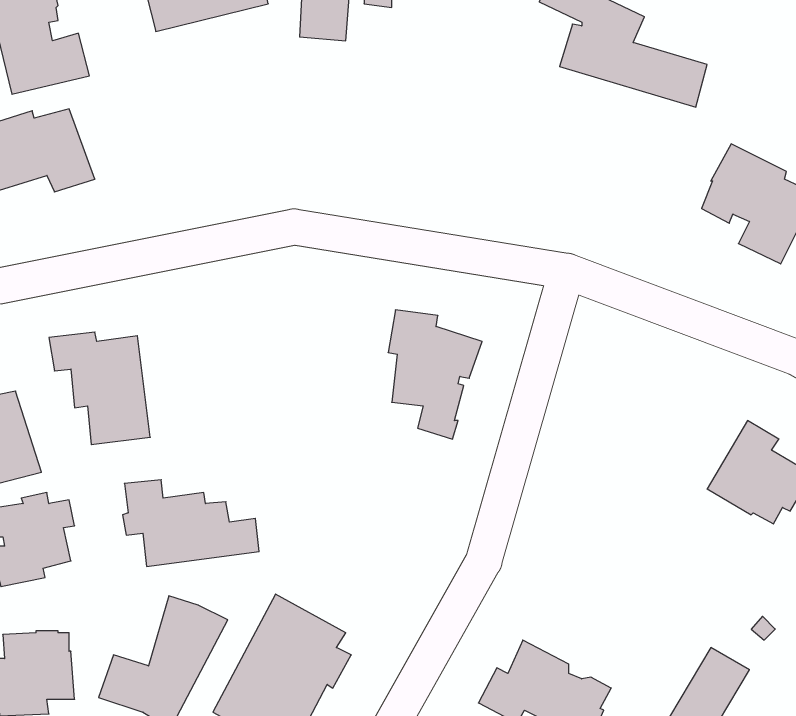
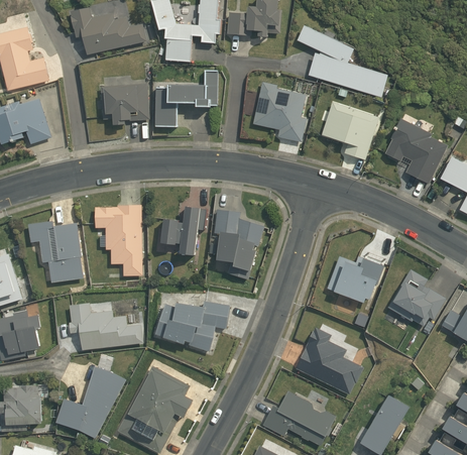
building: none -> [154,70,218,126]
building: none -> [251,82,306,141]
building: none -> [100,84,149,124]
building: none -> [320,101,378,160]
building: none -> [95,205,142,275]
building: none -> [158,205,207,255]
building: none -> [327,256,382,302]
building: none -> [153,301,229,351]
building: none -> [294,326,364,394]

